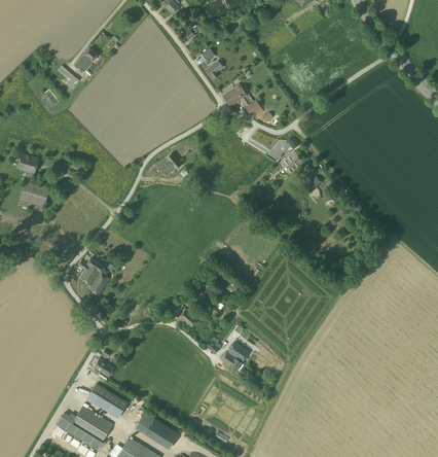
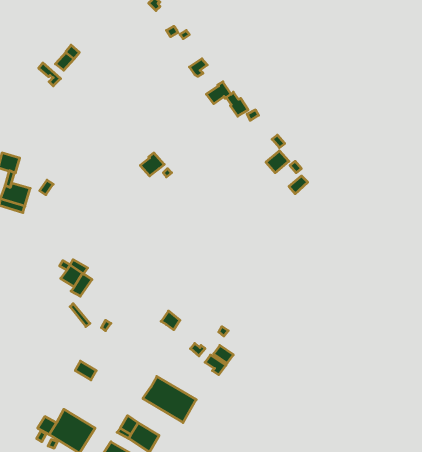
building: none -> [143,376,196,423]
building: [87,383,127,418] -> none

